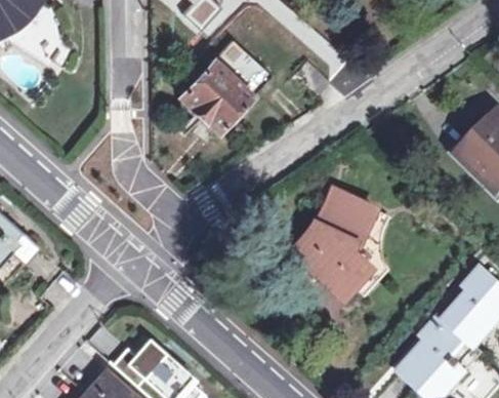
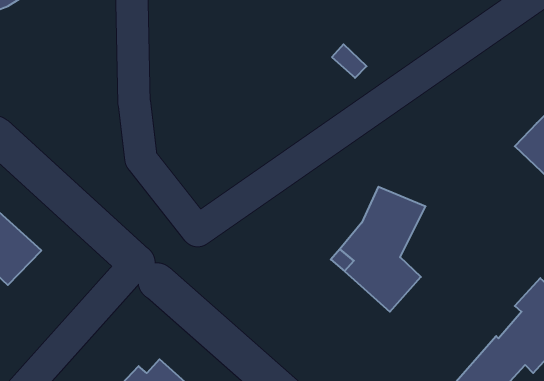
building: [180,34,272,129] -> none

